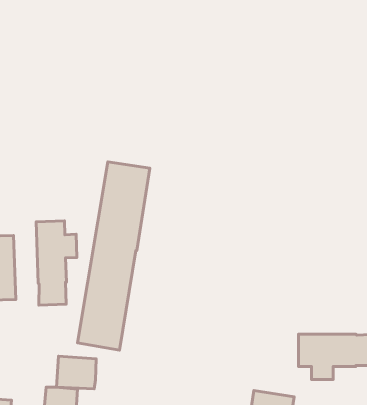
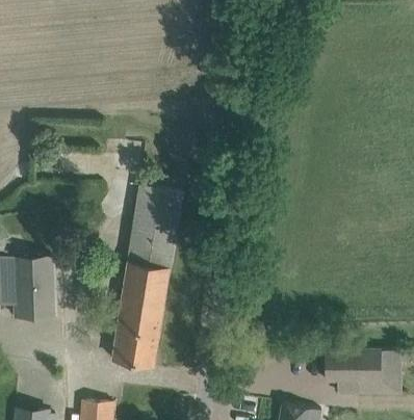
building: [36,221,77,305] -> none
building: [56,356,96,389] -> none

